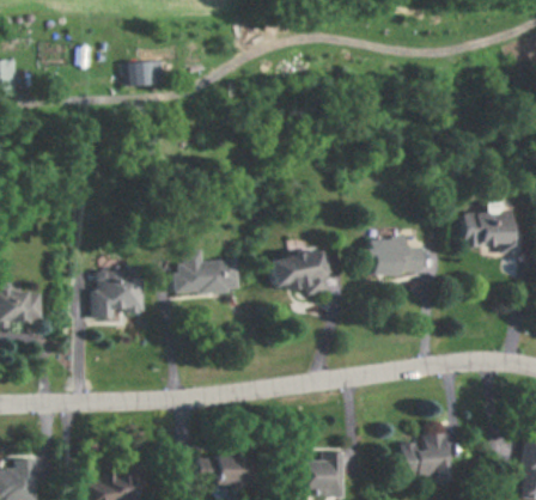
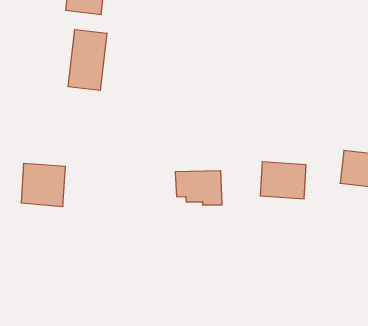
building: none -> [68,29,107,90]
building: [173,249,242,294] -> none

